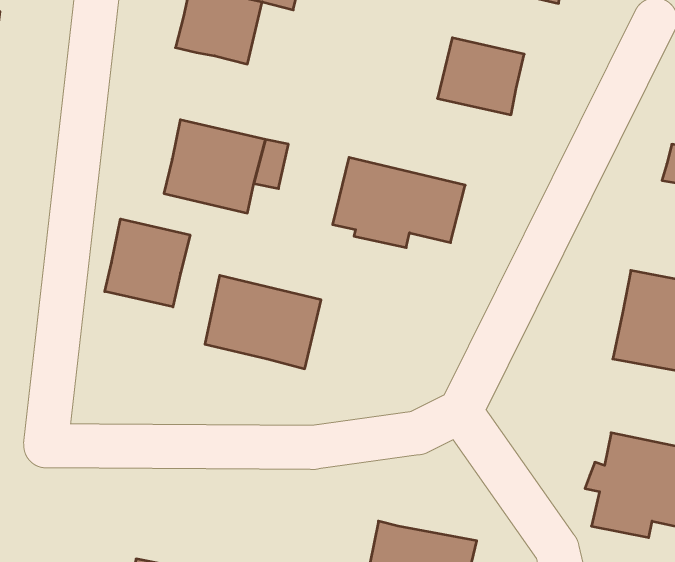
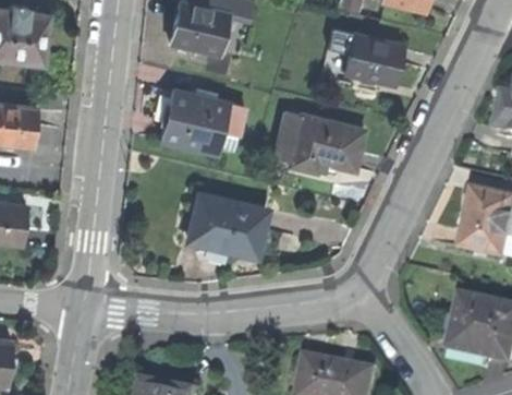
building: [105,219,190,307] -> none

